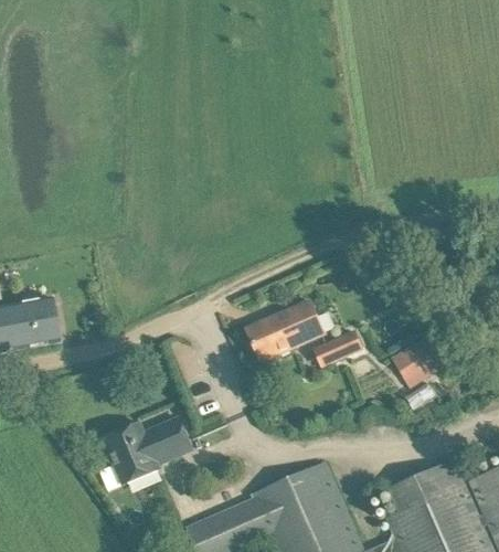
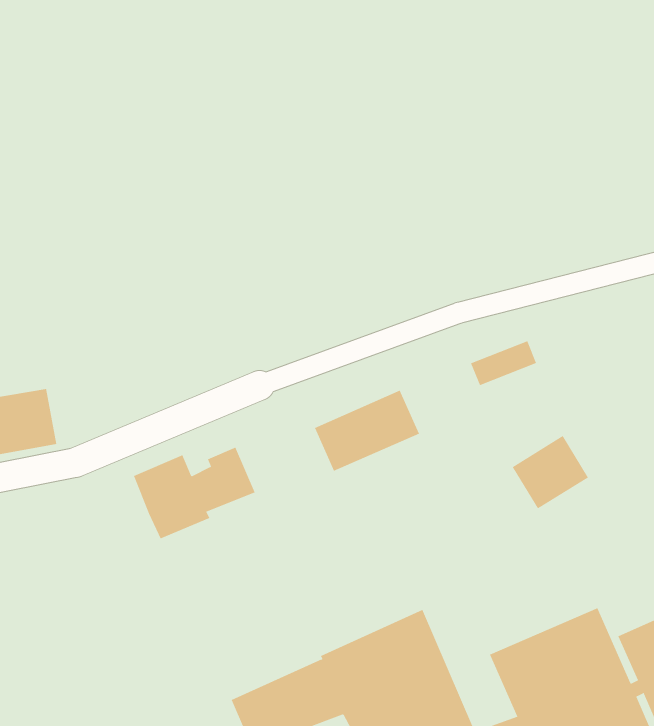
building: [318,331,367,364] -> [470,340,537,386]
building: [103,417,192,485] -> [133,447,255,539]

